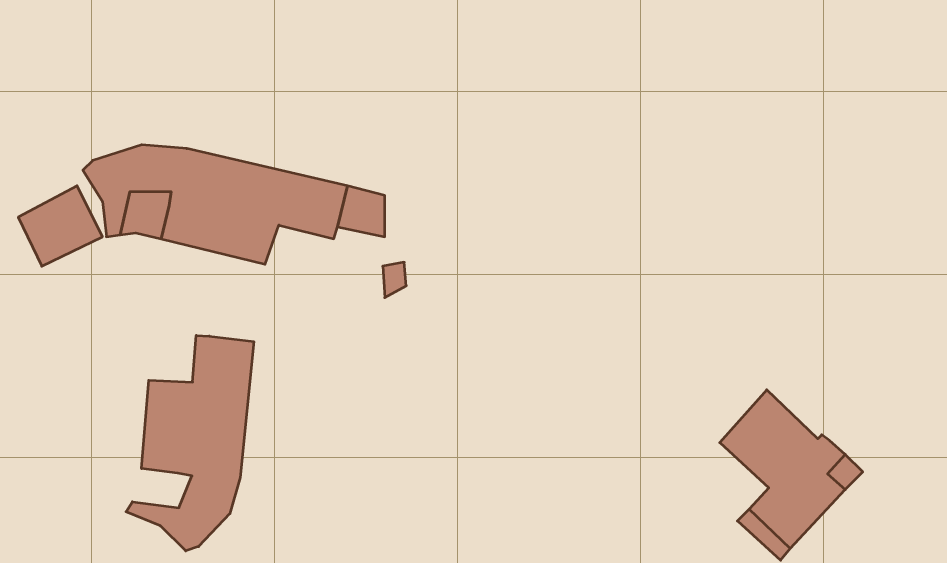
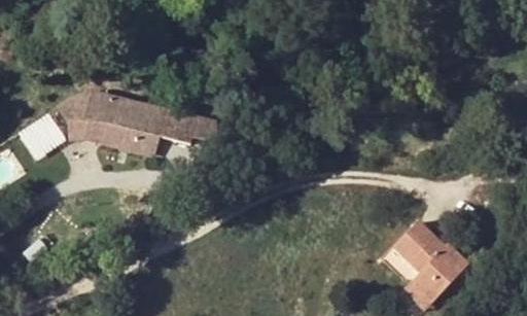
building: [126,335,254,551] -> none

